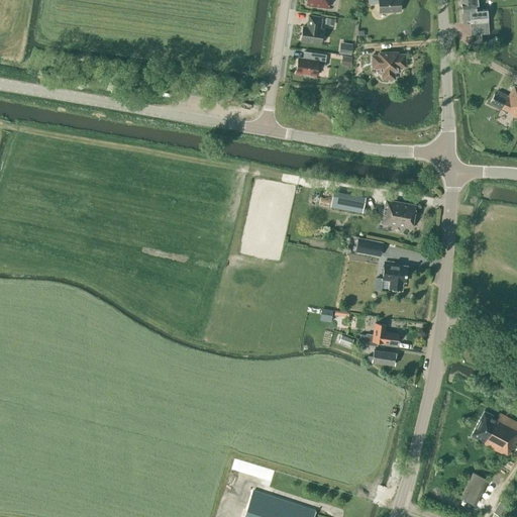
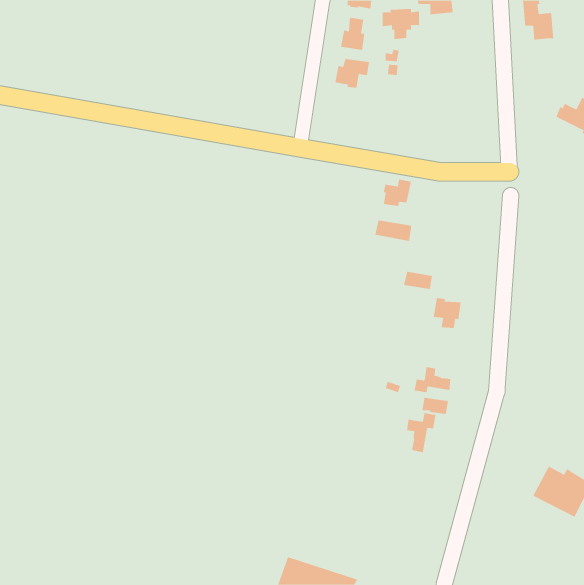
building: [373,53,406,80] -> [382,8,420,39]
building: none -> [383,179,411,207]
building: [383,200,417,229] -> none
building: none -> [407,412,436,453]
building: [464,469,489,501] -> none

